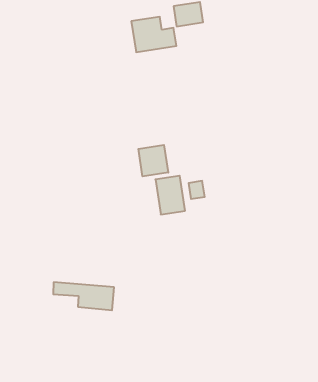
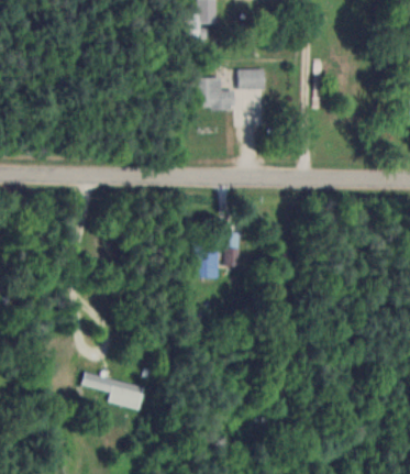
building: [138,145,168,176] -> none
building: [53,282,114,310] -> [85,374,147,411]

